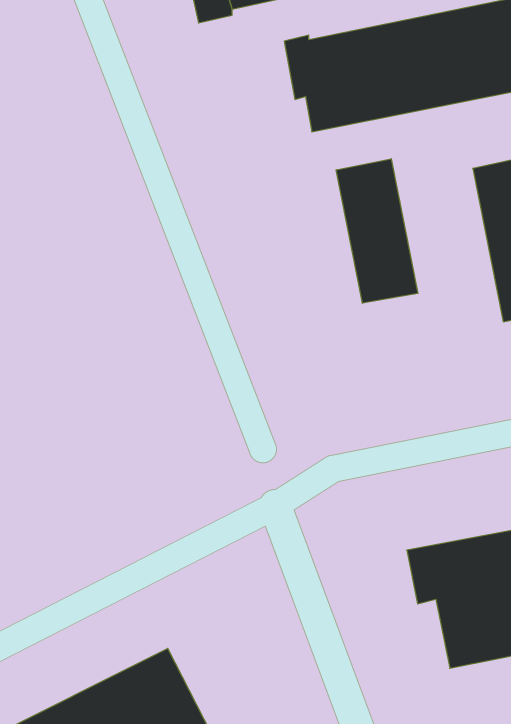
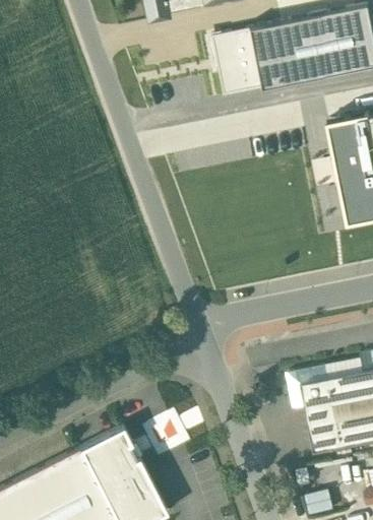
building: [336,159,418,303] -> none

